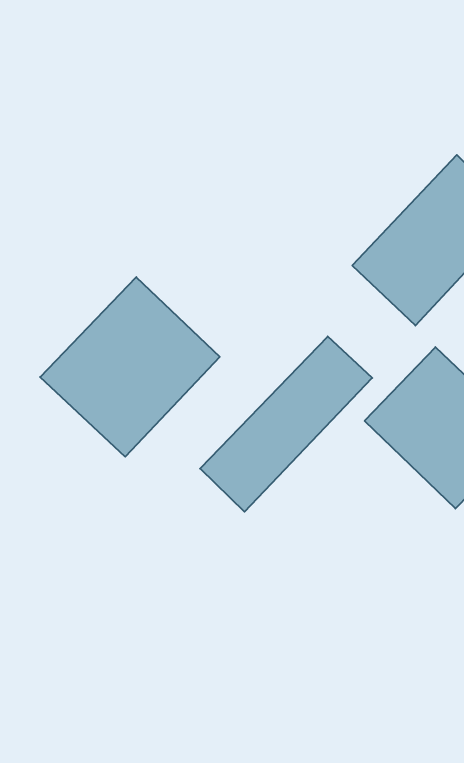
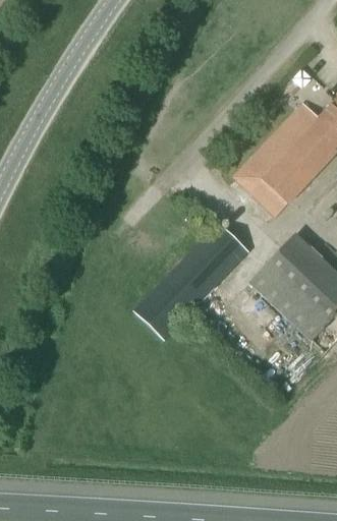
building: [40,277,220,457] -> none

